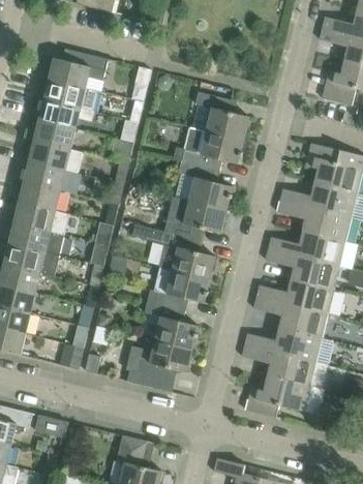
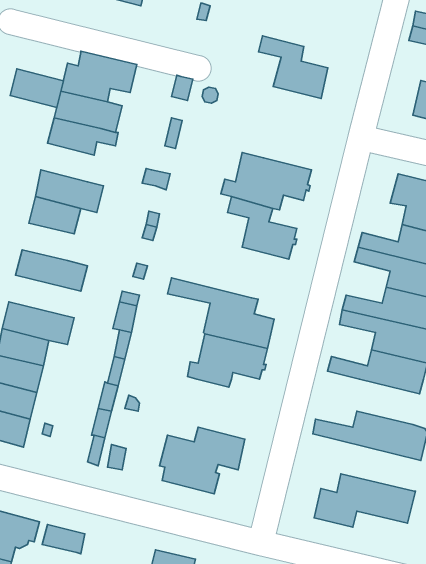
building: [194,92,248,141] -> [259,36,328,98]
building: [33,120,74,150] -> [10,69,63,108]
building: [19,182,59,211] -> none
building: [163,201,225,240] -> none
building: [8,222,64,255] -> none
building: [252,297,327,338] -> none
building: [144,301,198,350] -> none
building: [241,345,315,387] -> none

